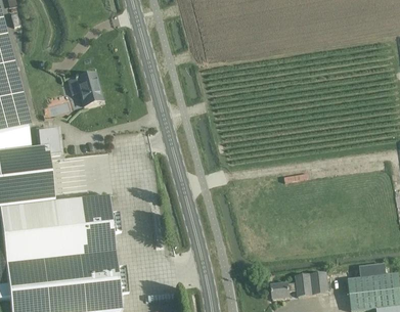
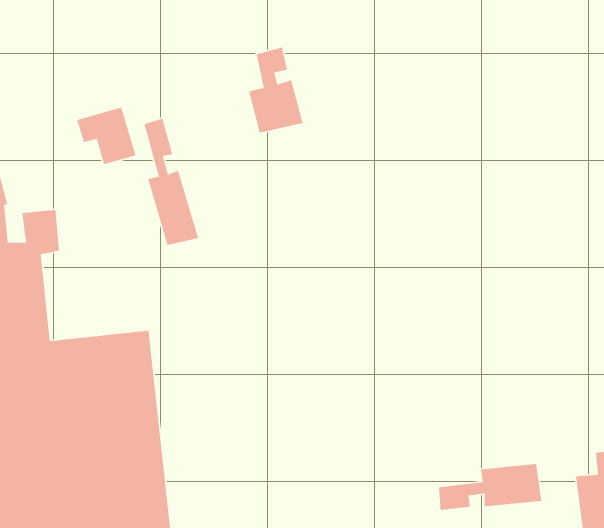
building: none -> [248,46,304,134]
building: none -> [144,118,199,246]

